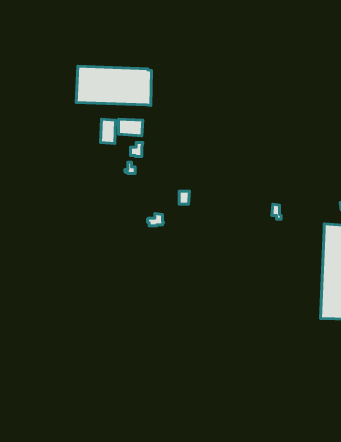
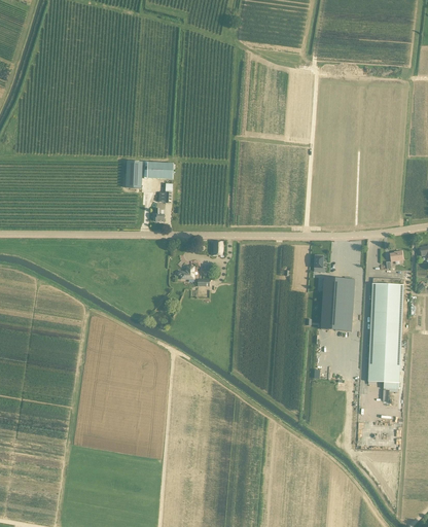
building: [76,66,152,105] -> none
building: none -> [320,277,354,330]

